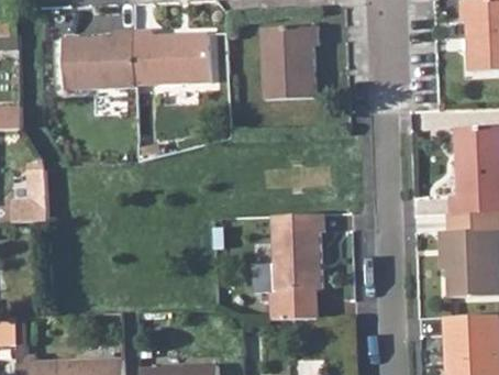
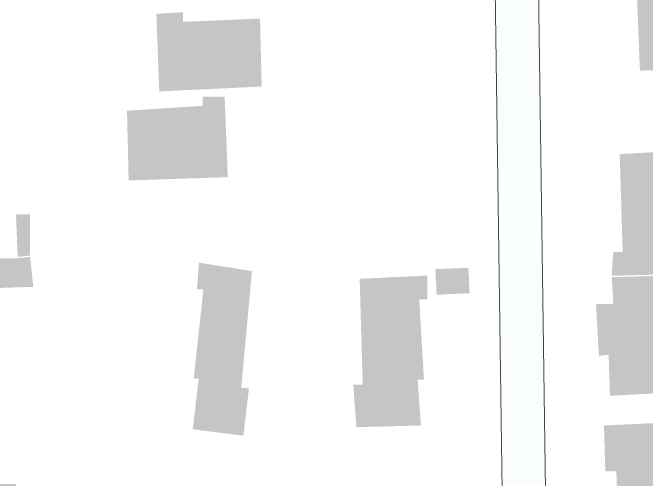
building: [262,27,319,100] -> none
building: [63,30,134,89] -> [126,96,229,181]
building: none -> [192,262,253,436]

